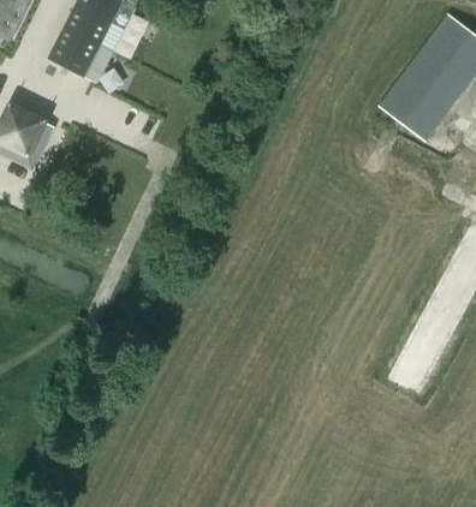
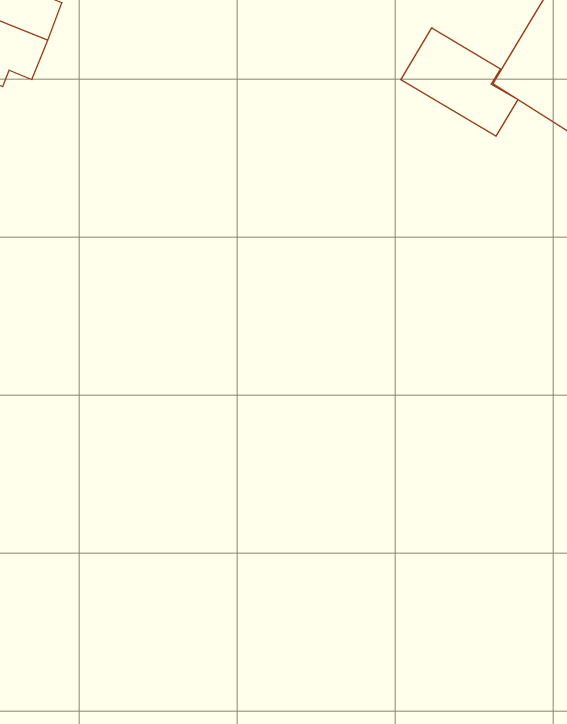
building: none -> [401,28,518,136]

